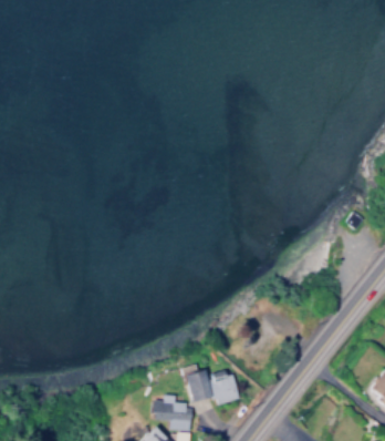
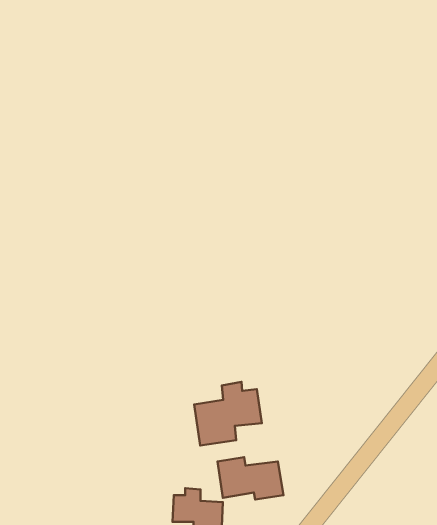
building: none -> [194,382,262,445]

